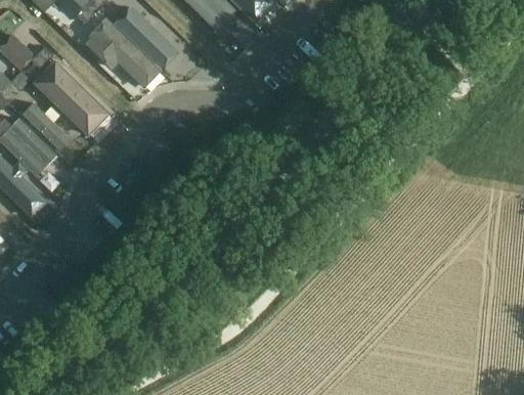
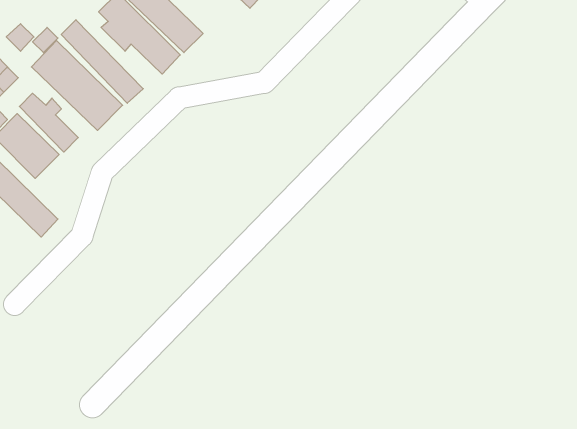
building: none -> [61,20,143,103]

